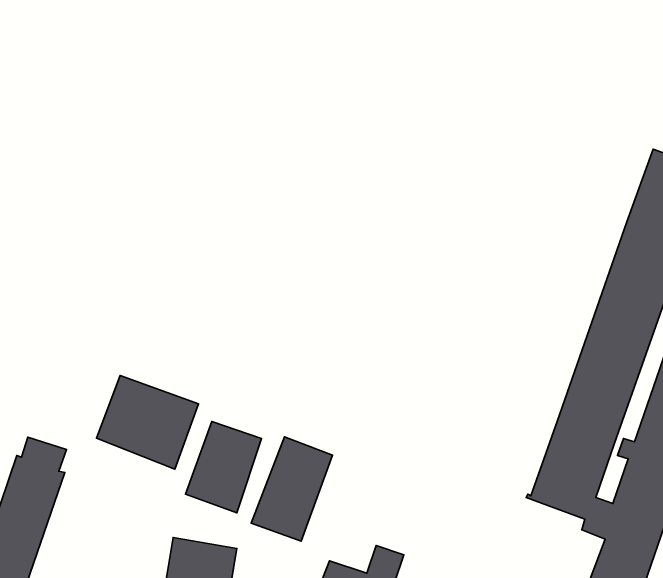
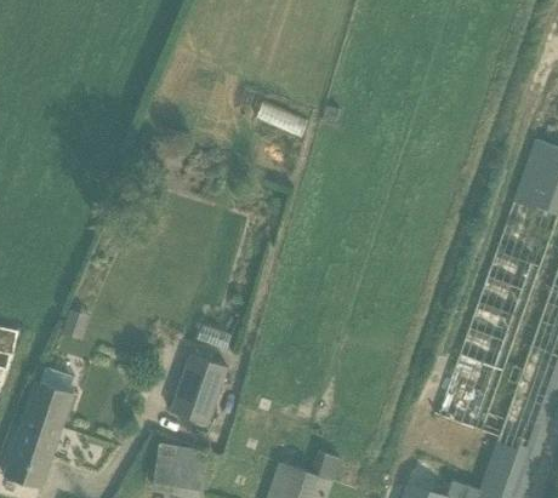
building: [97,375,198,469] -> none
building: [251,437,332,541] -> none

